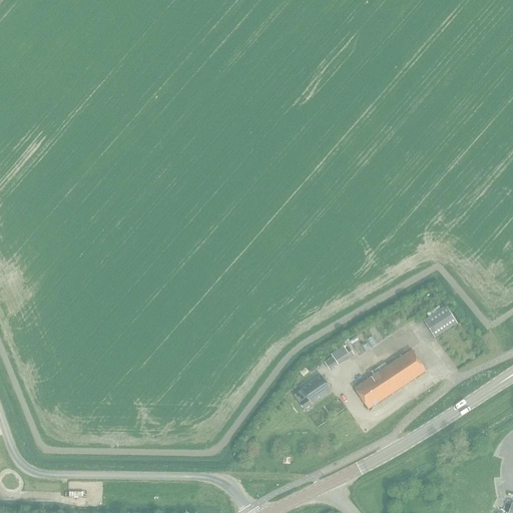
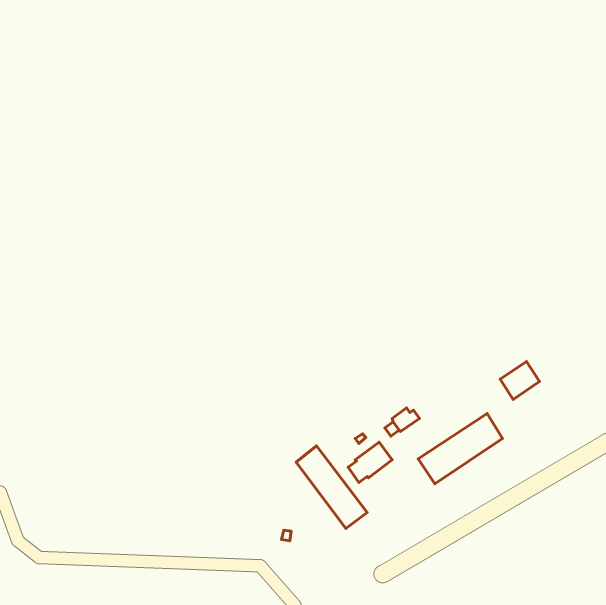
building: none -> [296,446,367,529]

